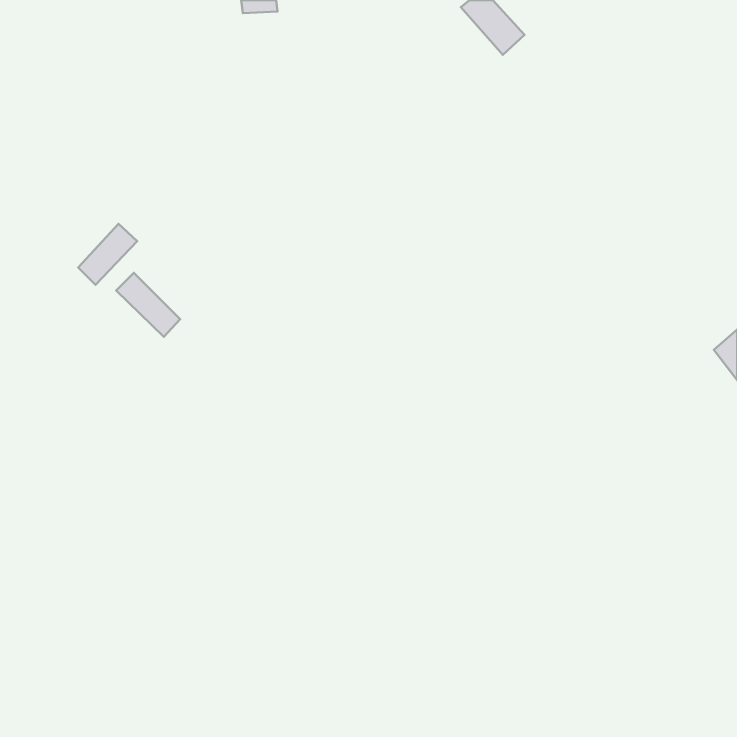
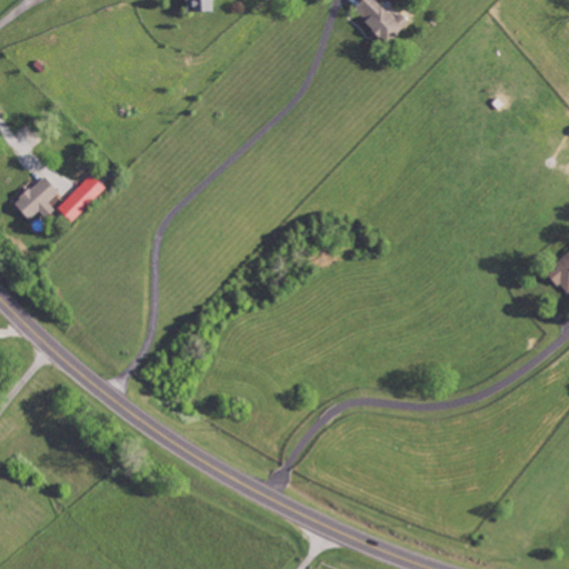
building: none -> [14,174,59,219]
building: [116,273,180,337] -> none

